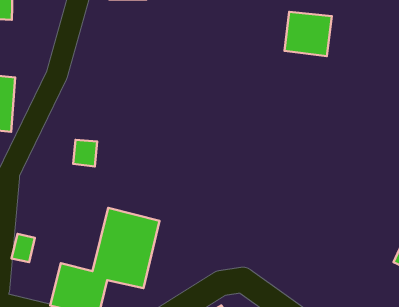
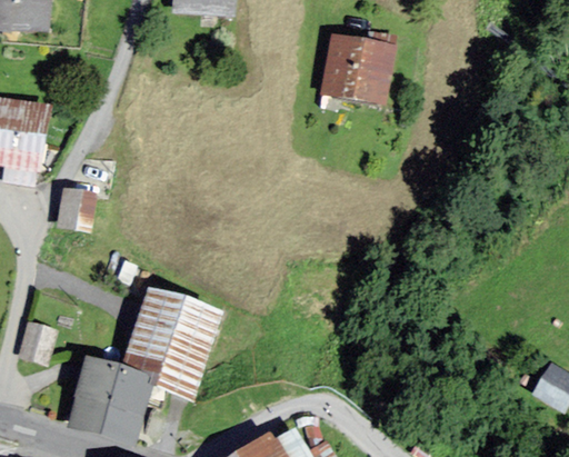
building: [284,12,332,56] -> [321,37,388,100]
building: [73,140,97,167] -> [57,192,91,230]

